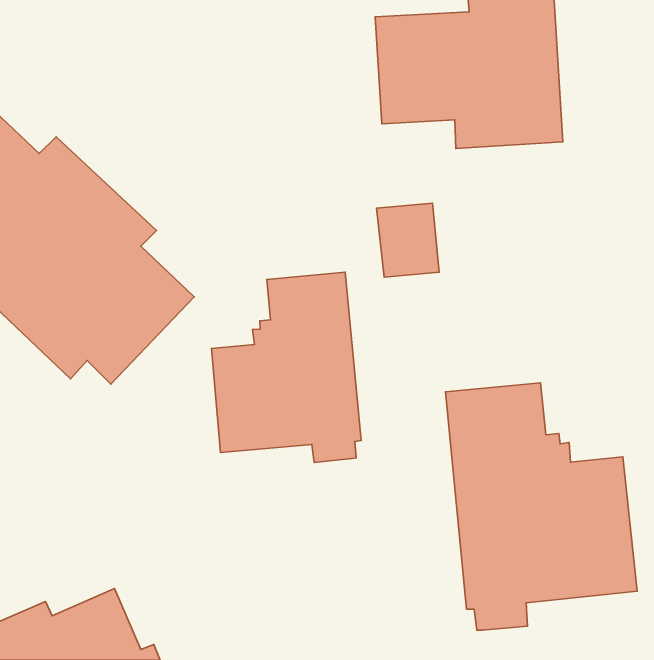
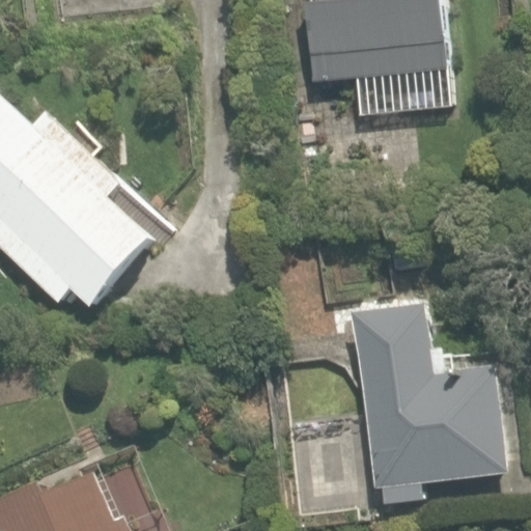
building: [212,272,361,463] -> none

